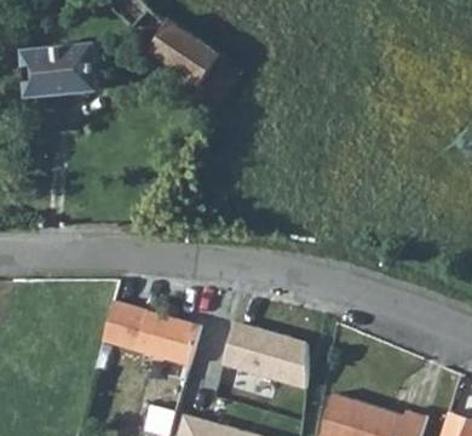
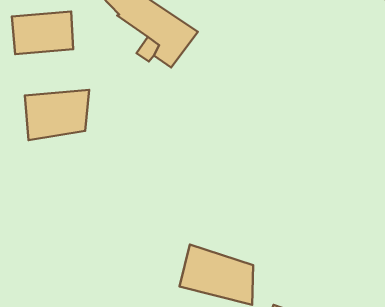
building: none -> [25,90,89,140]
building: [99,300,197,365] -> none

